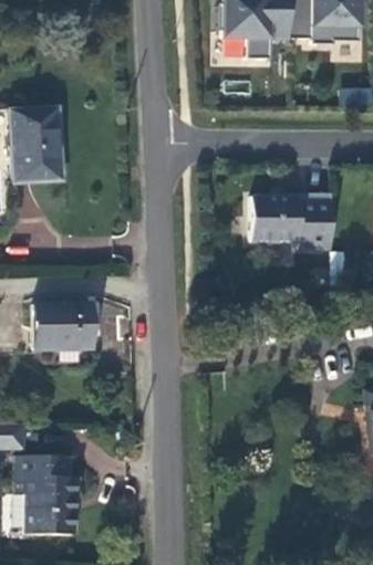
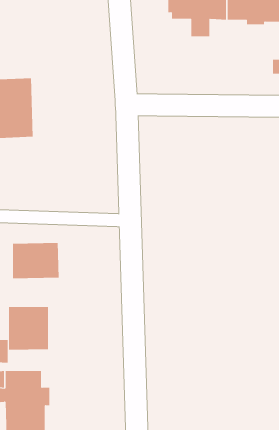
building: [252,193,332,248] -> none
building: none -> [9,306,49,351]

